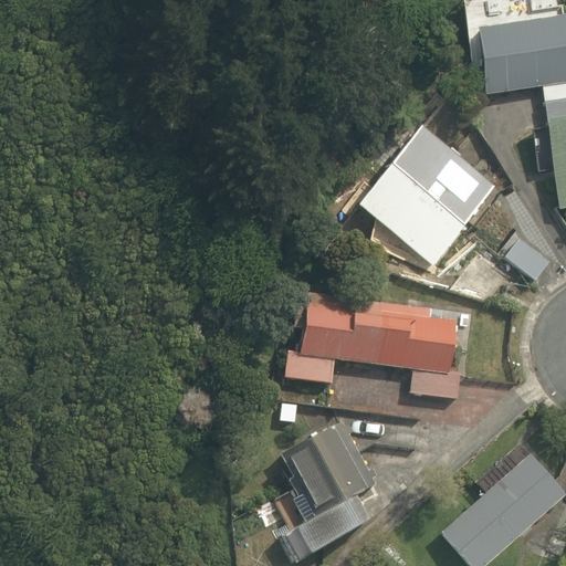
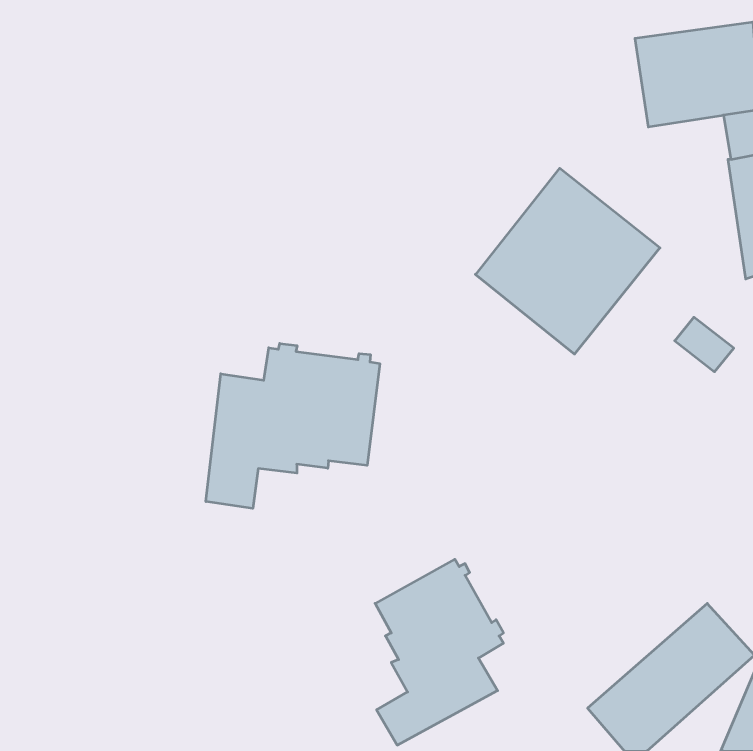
building: none -> [206,343,380,508]
building: [284,292,461,397] -> none

